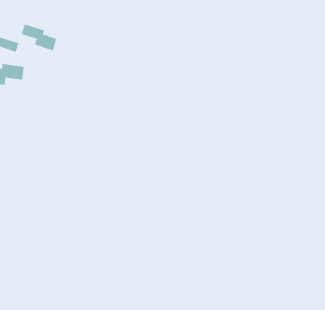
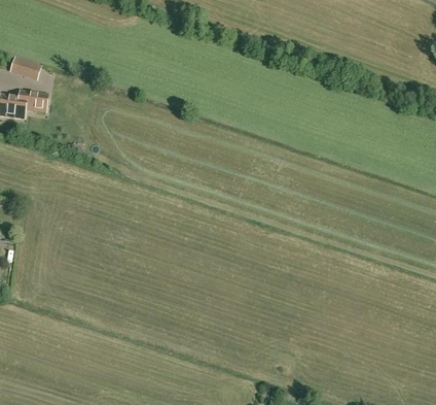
building: [21,24,57,51] -> none

